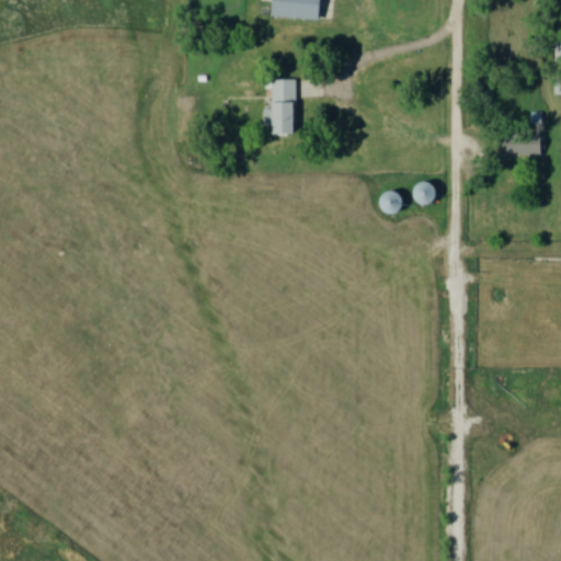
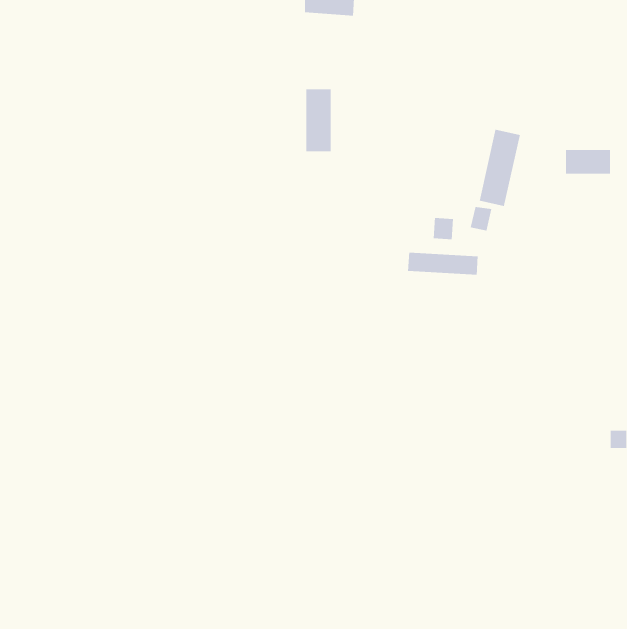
building: none -> [479,129,520,207]
building: none -> [408,252,478,275]

